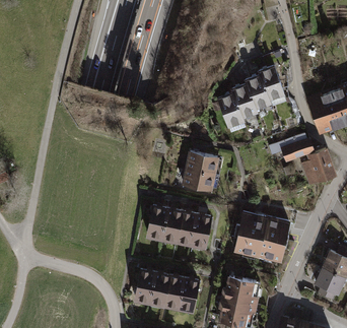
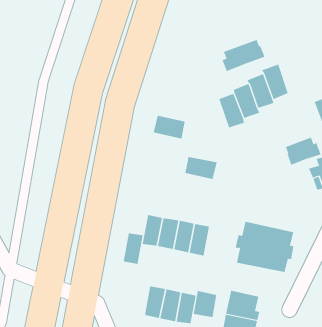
building: none -> [222,39,265,72]
building: [183,168,213,190] -> [153,115,186,139]
building: [135,270,154,300] -> [123,233,144,265]
building: none -> [193,290,217,318]

